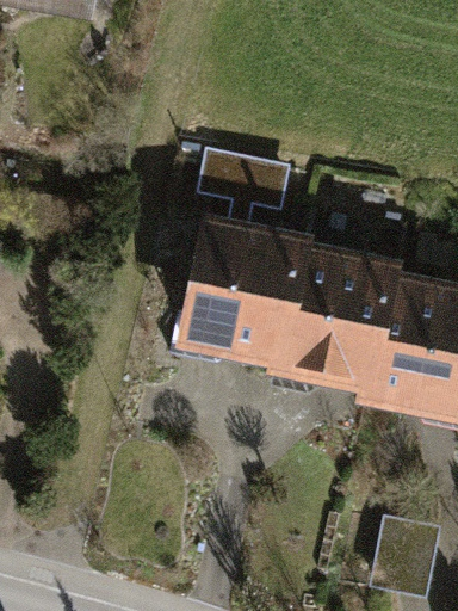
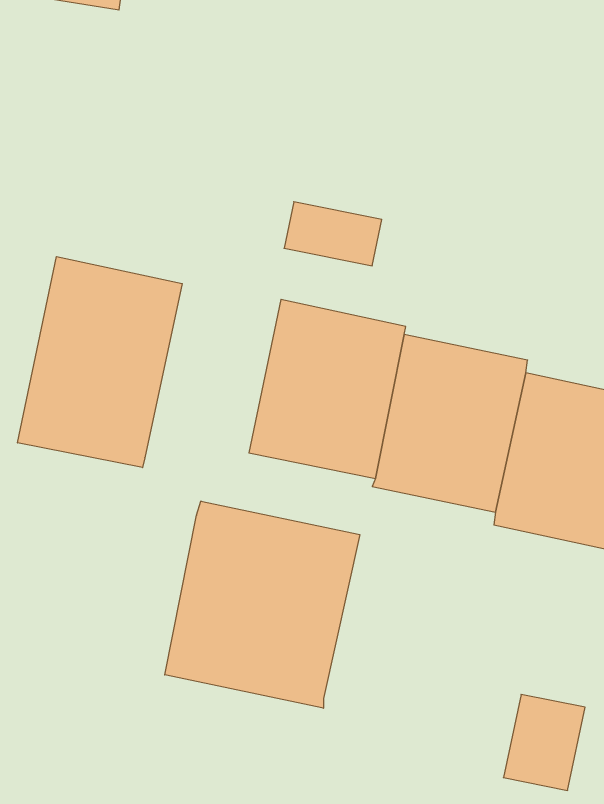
building: none -> [18,257,182,468]
building: none -> [165,501,360,708]

